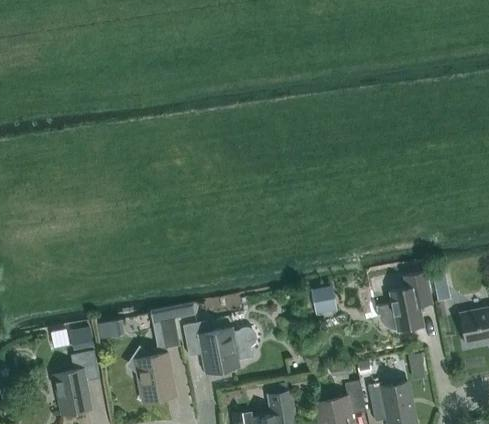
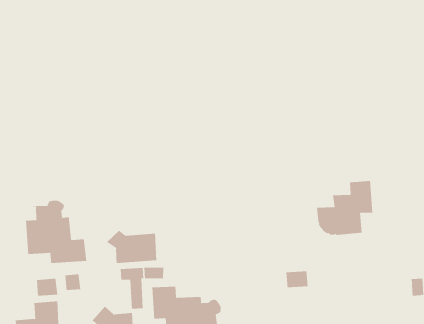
building: none -> [25,200,87,264]
building: none -> [106,230,157,264]
building: [375,273,431,331] -> [316,181,373,236]

